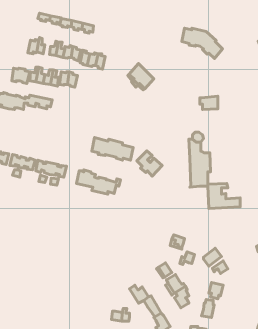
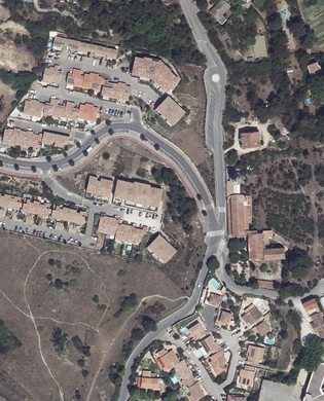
building: [182,28,222,59] -> [132,56,178,90]
building: none -> [85,176,112,196]
building: [137,151,162,176] -> [147,234,176,263]

